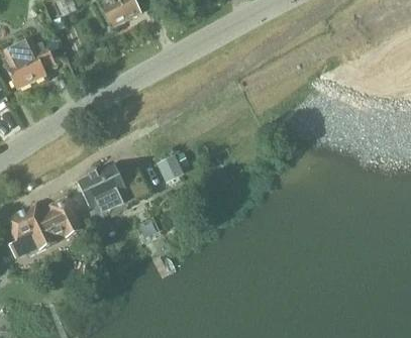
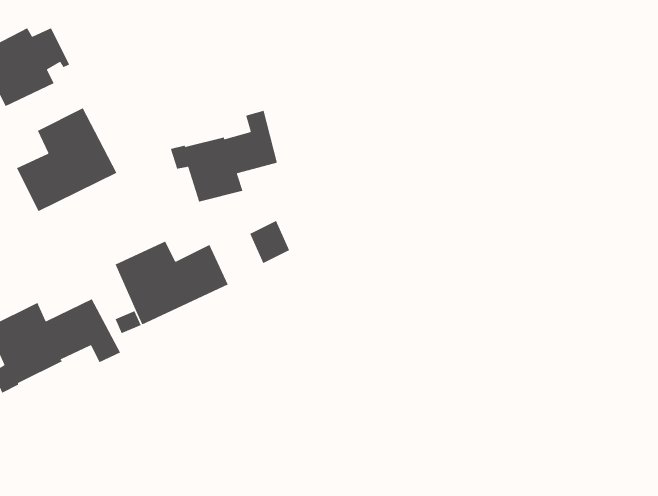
building: none -> [16,107,117,212]
building: none -> [170,110,278,202]

